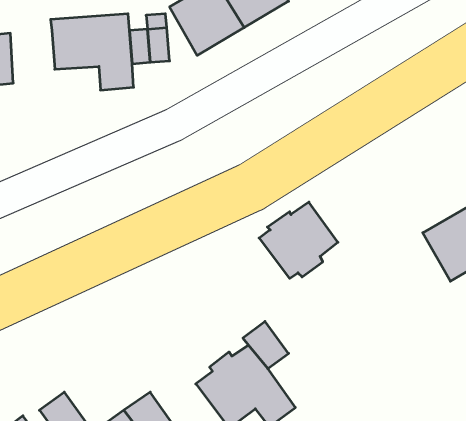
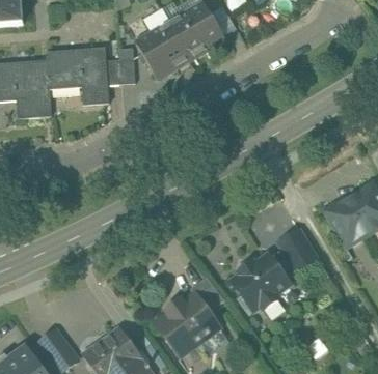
building: none -> [16,59,51,117]
building: [259,202,338,278] -> [231,254,290,311]
building: none -> [277,229,316,270]

